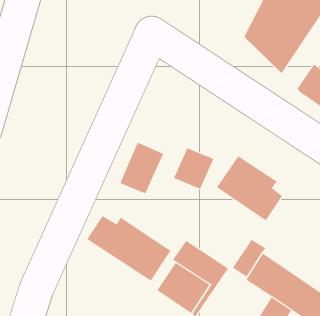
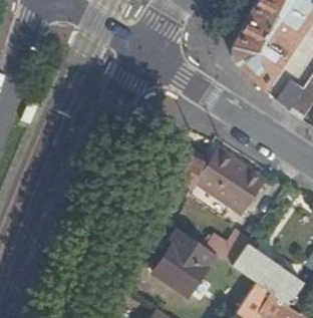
building: [120,142,164,194] -> none
building: [86,215,171,282] -> none

